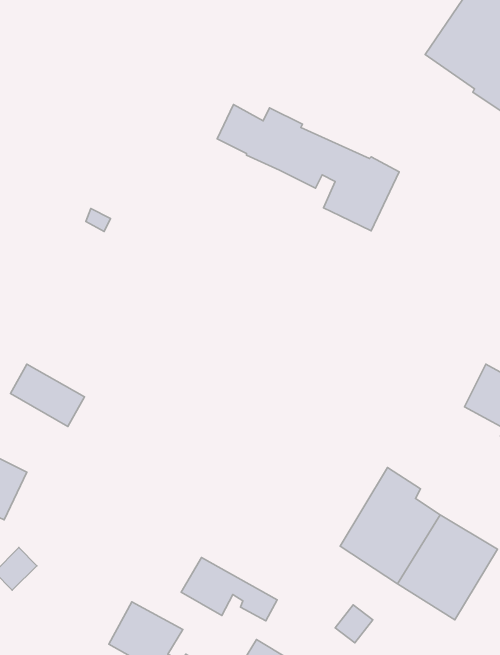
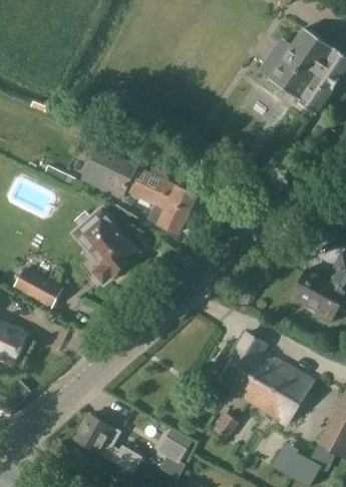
building: [217,105,399,231] -> [83,154,195,231]
building: none -> [75,209,138,281]
building: [181,557,277,621] -> none

